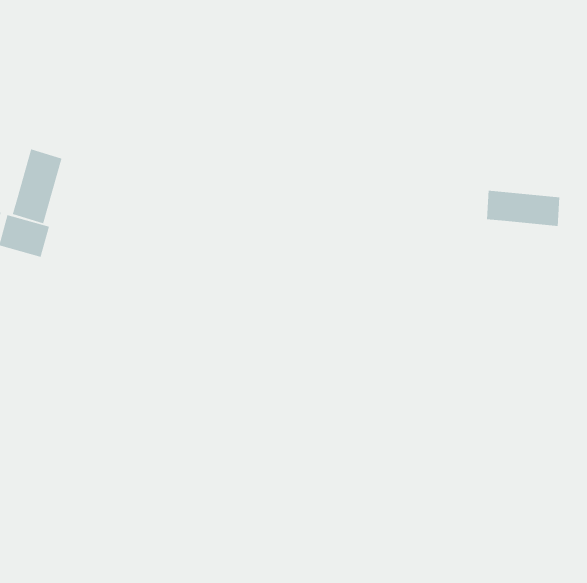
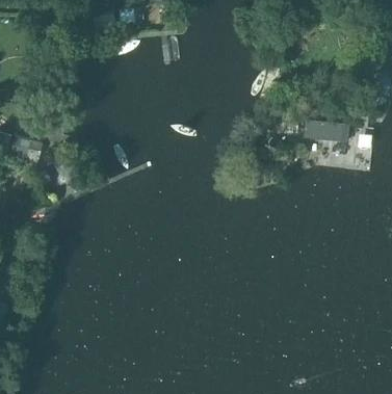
building: [12,148,62,224] -> none

